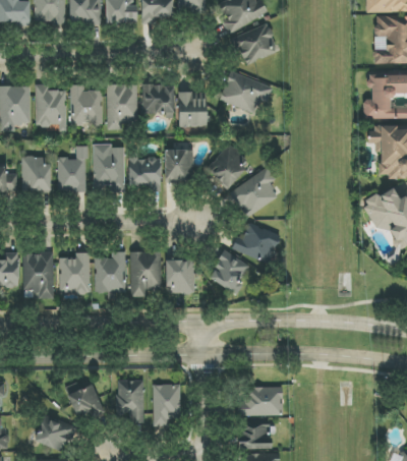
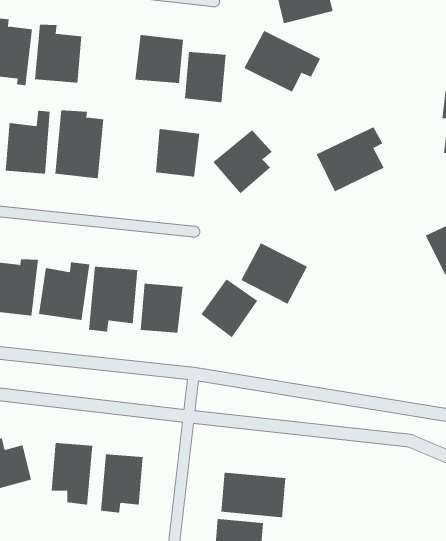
building: [107,84,137,129] -> none
building: [129,157,161,188] -> none
building: [229,168,279,218] -> [316,126,385,192]

